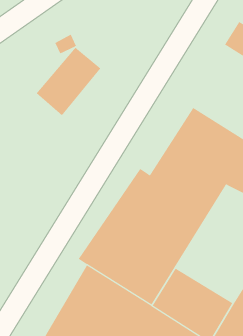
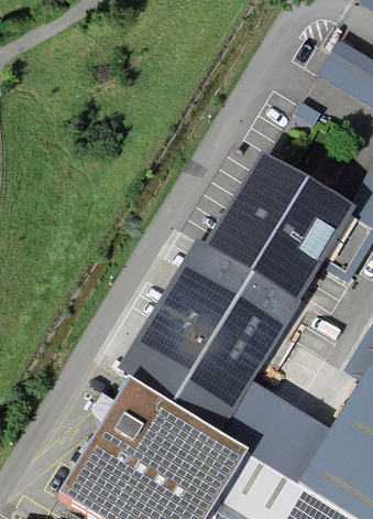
building: [36,47,101,116] -> none

